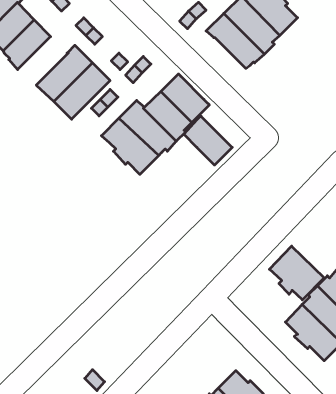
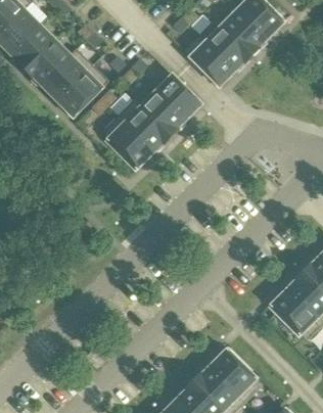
building: none -> [22,40,70,85]
building: [184,116,232,165] -> [189,41,234,86]
building: [269,246,324,300] -> none

